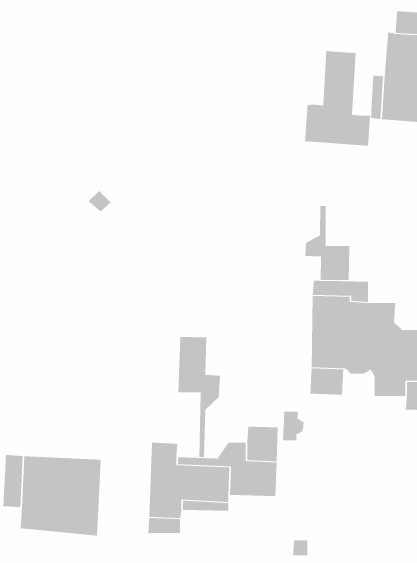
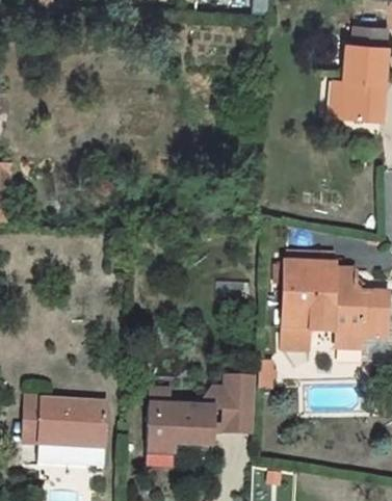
building: [305,50,370,146] -> none
building: [305,205,350,281] -> none
building: [178,336,220,458] -> none

